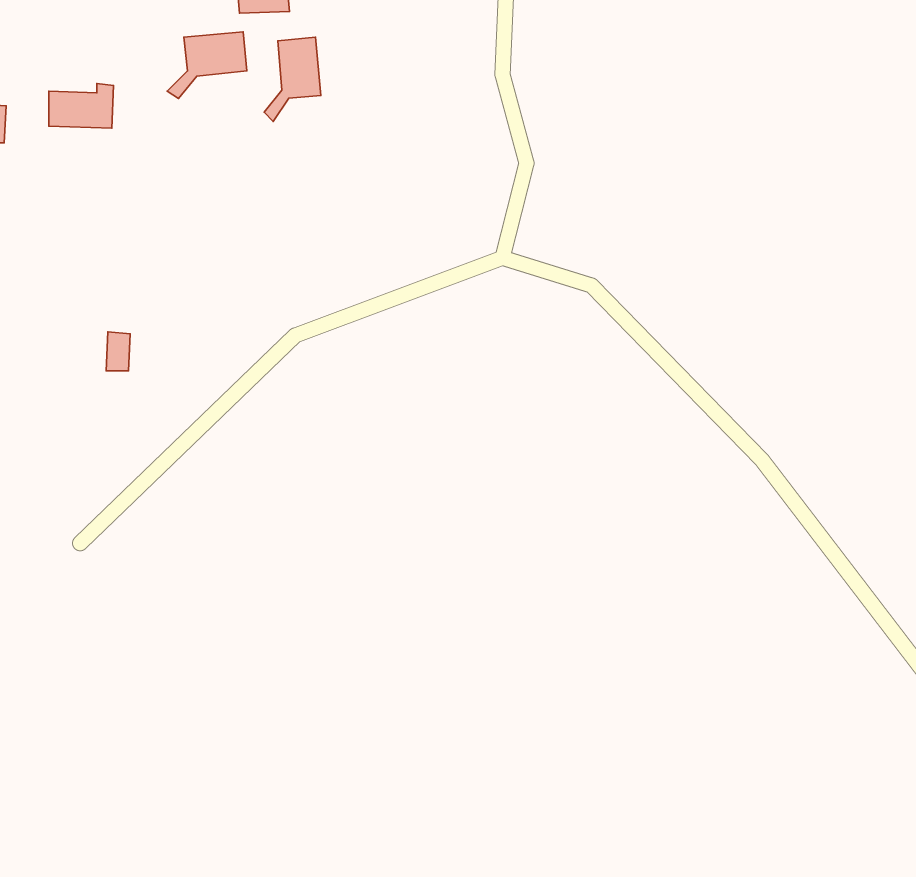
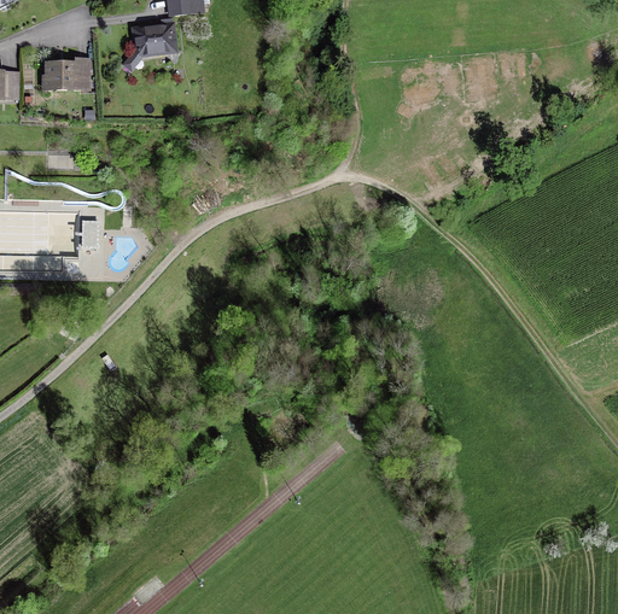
building: [264,37,321,122] -> none

